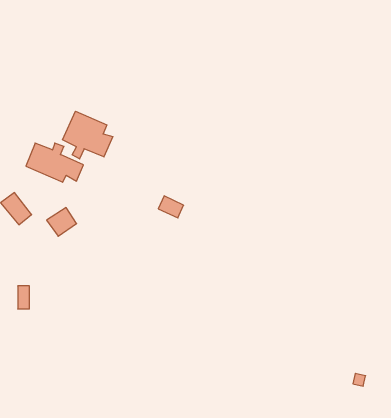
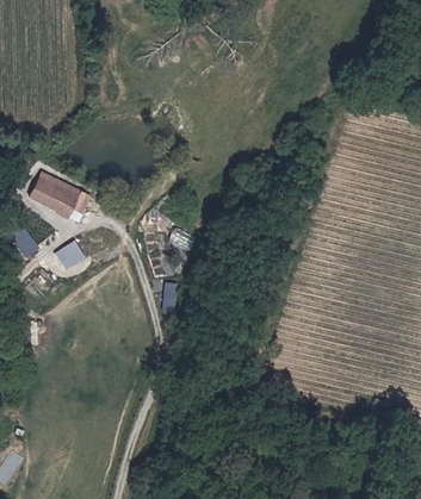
building: [62,111,113,159] -> none

